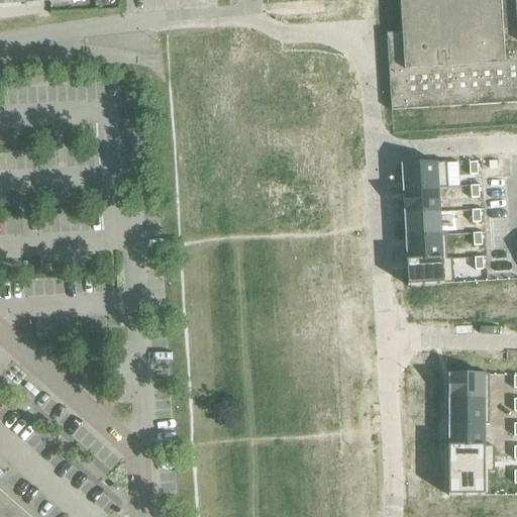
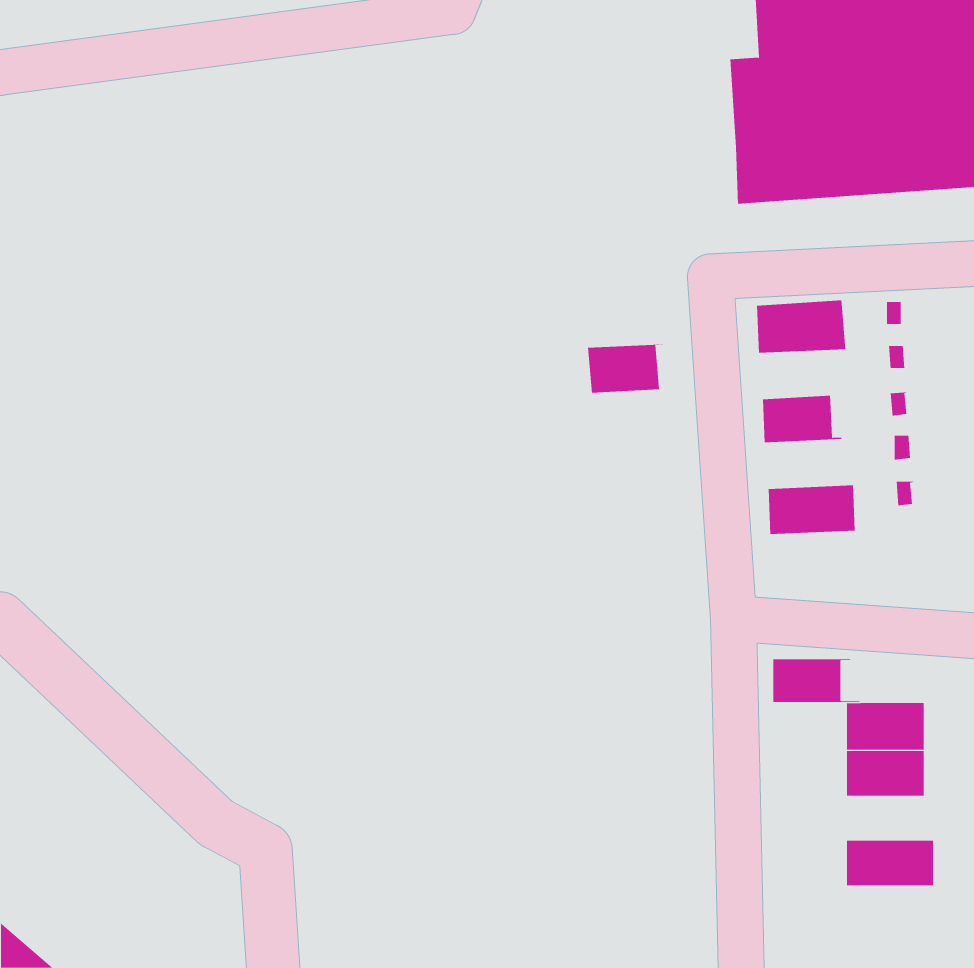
building: [402,185,448,211] -> [587,344,675,393]
building: [405,232,452,258] -> none
building: [448,421,495,444] -> [772,659,860,703]
building: [448,469,495,493] -> none

